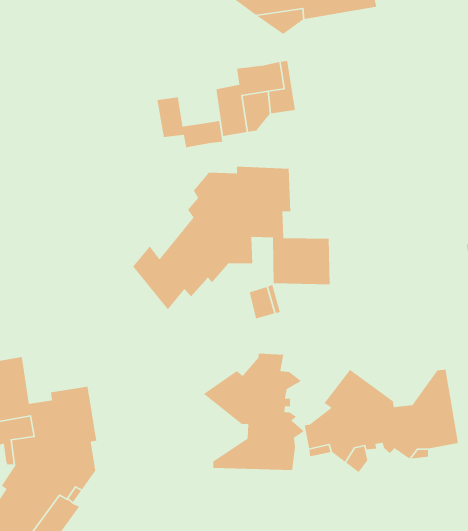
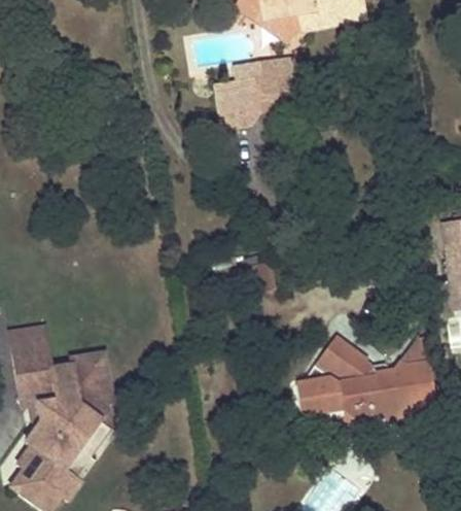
building: [157,97,223,148] -> none
building: [132,166,330,311] -> none
building: [203,353,305,471] -> none

